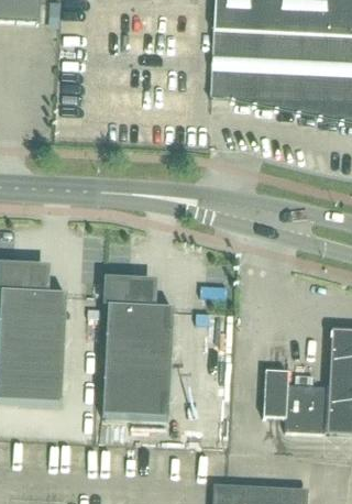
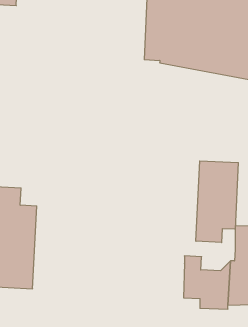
building: none -> [196,161,238,243]
building: [101,282,173,419] -> none

